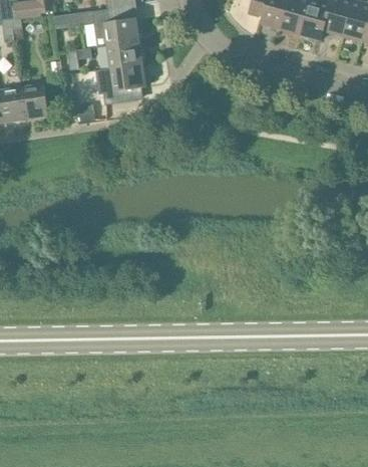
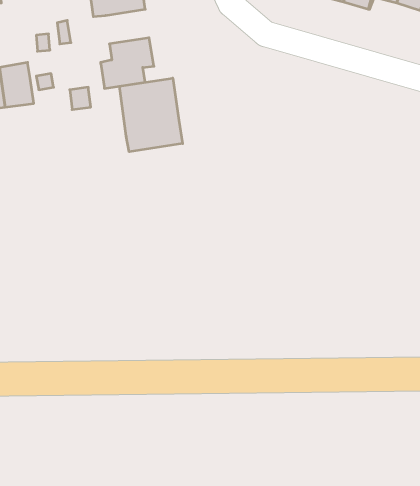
building: [106,40,141,68] -> none
building: none -> [119,78,183,152]

